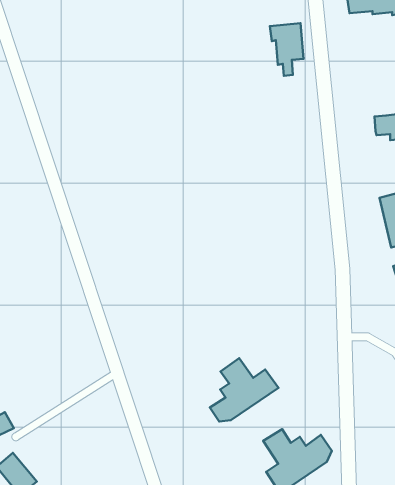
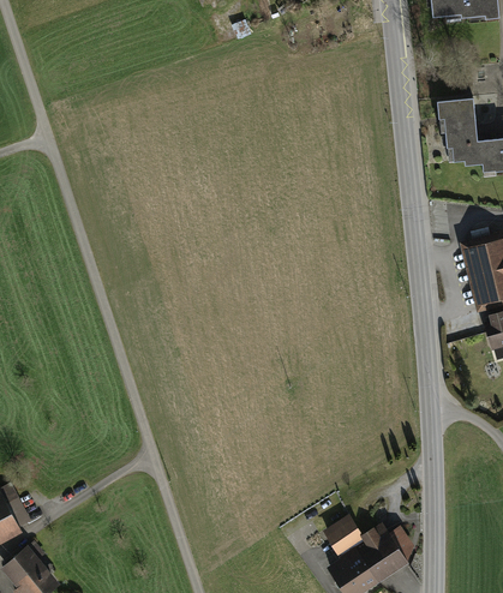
building: [270,23,304,76] -> [437,97,478,161]
building: [210,358,279,422] -> none

